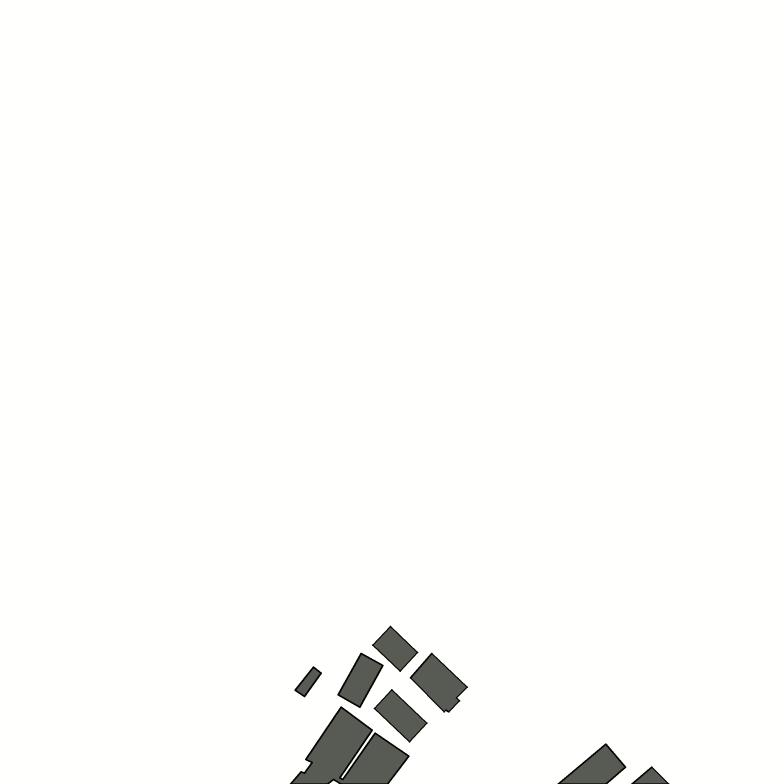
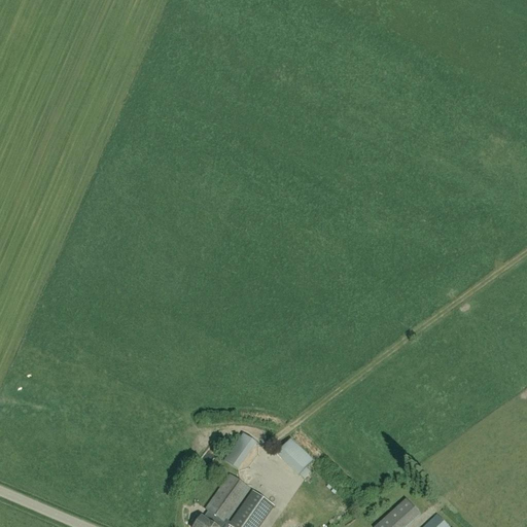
building: [373,626,418,671] -> none
building: [375,690,427,742] -> none

